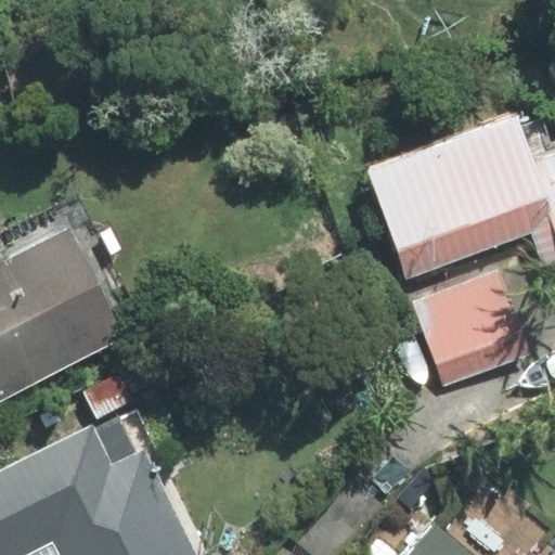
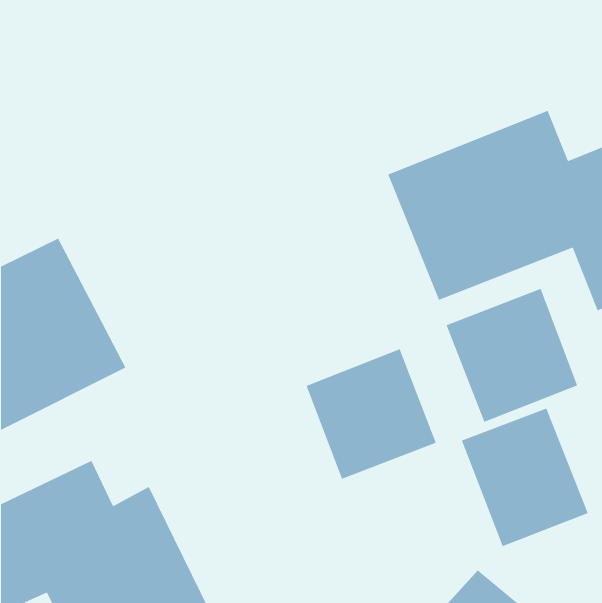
building: none -> [305,348,437,480]
building: none -> [461,407,589,547]

